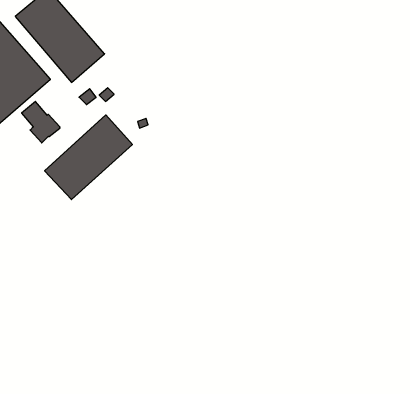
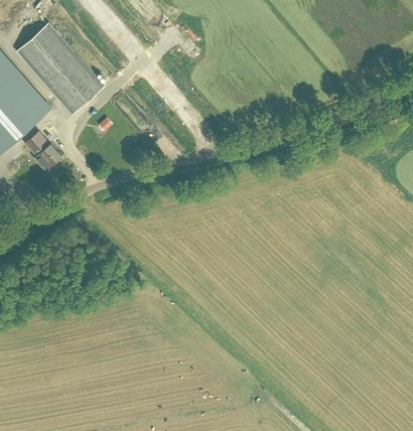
building: [45,115,132,200] -> none

